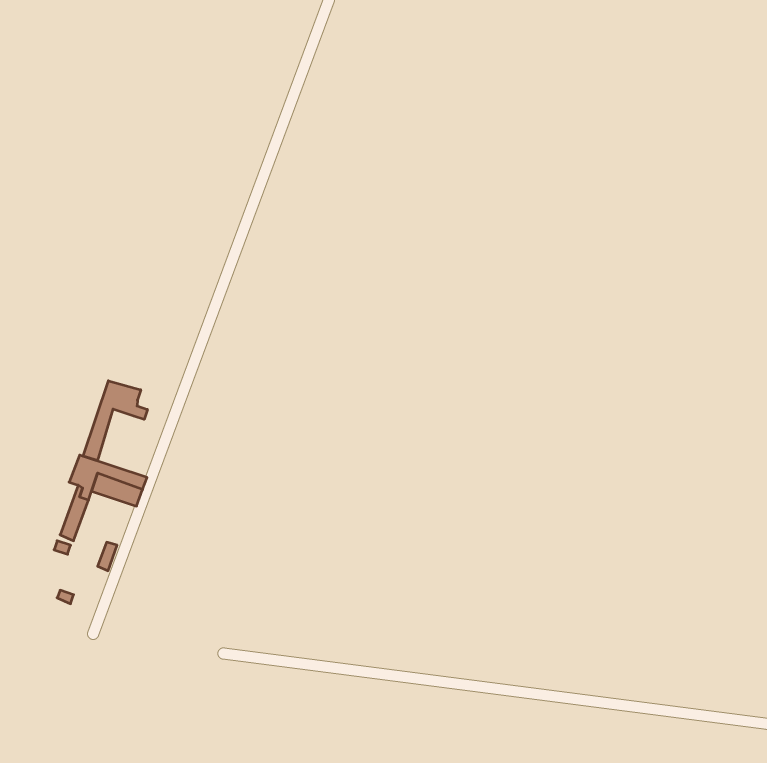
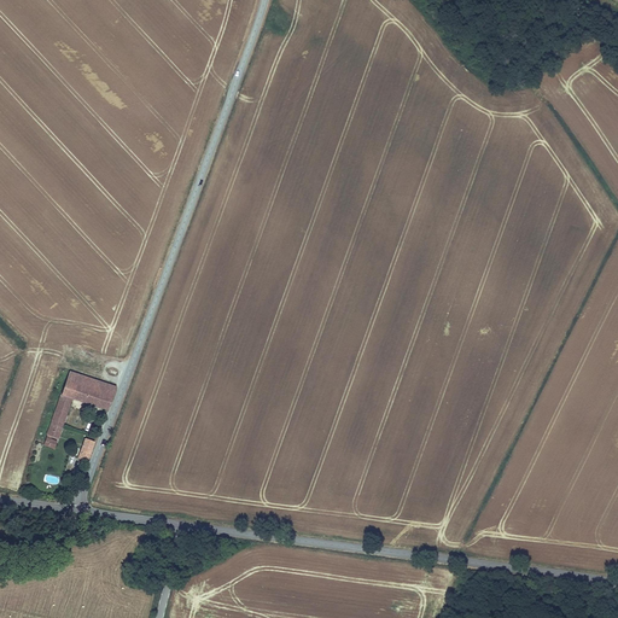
building: [83,381,147,461] -> none

